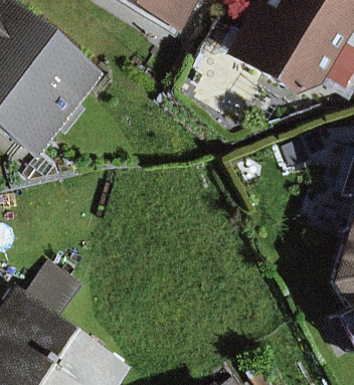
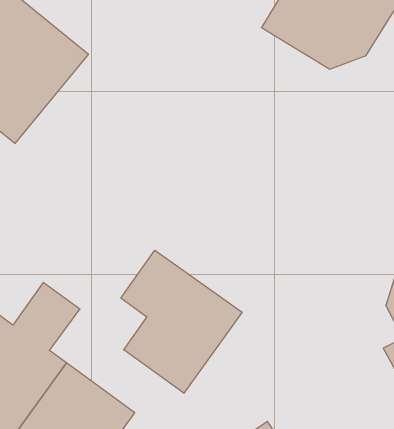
building: none -> [121,250,242,393]

